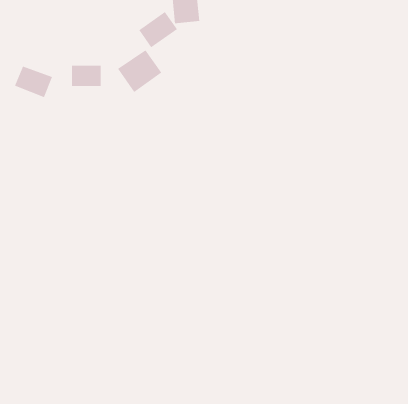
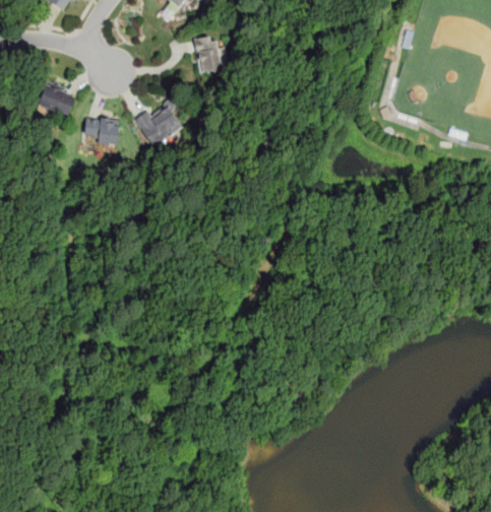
building: [138,11,178,48] -> none
building: [14,66,53,98] -> [35,80,77,116]

